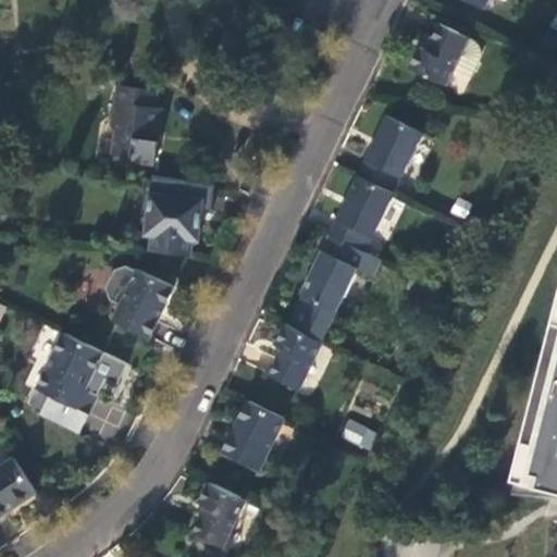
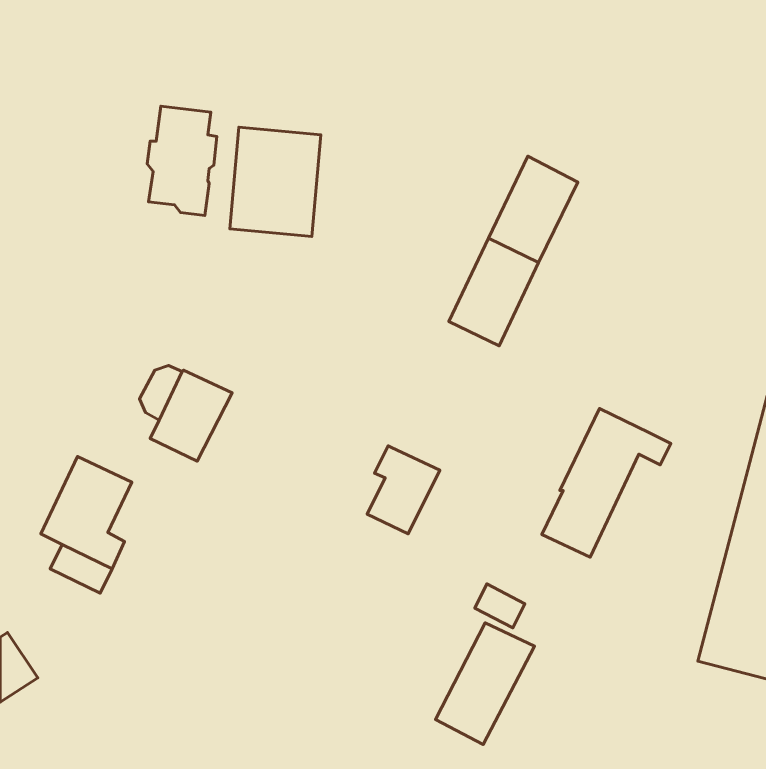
building: [409,26,480,87] -> none
building: [148,183,213,261] -> [230,127,321,236]
building: [287,235,380,342] -> [542,409,671,557]
building: [223,400,283,468] -> none
building: none -> [435,623,534,744]
building: [193,482,245,546] -> none

